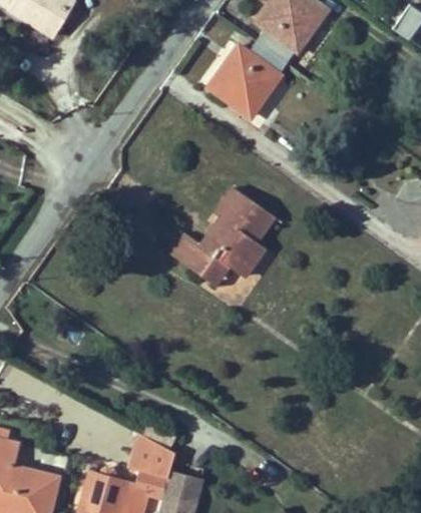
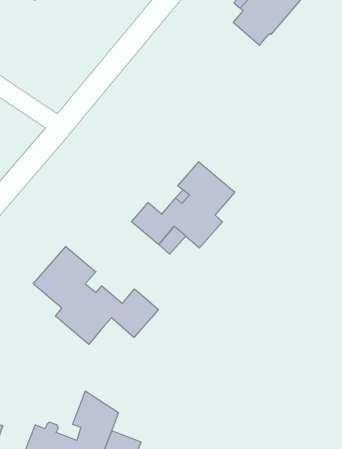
building: [208,41,286,115] -> none
building: none -> [33,246,158,344]

